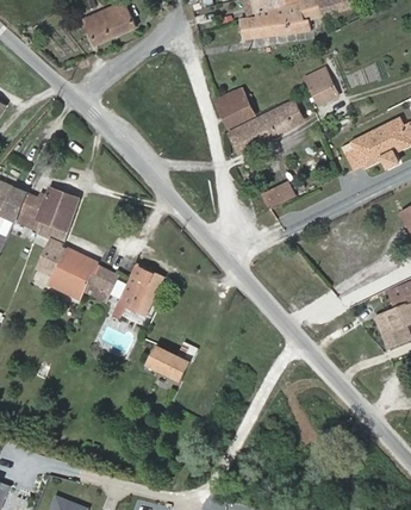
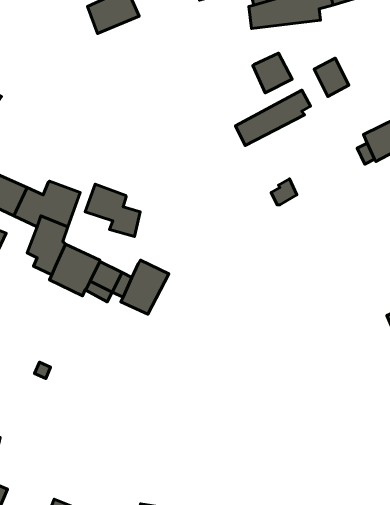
building: [217,88,255,126] -> [253,53,292,93]
building: none -> [85,184,140,236]
building: [145,343,191,382] -> none

